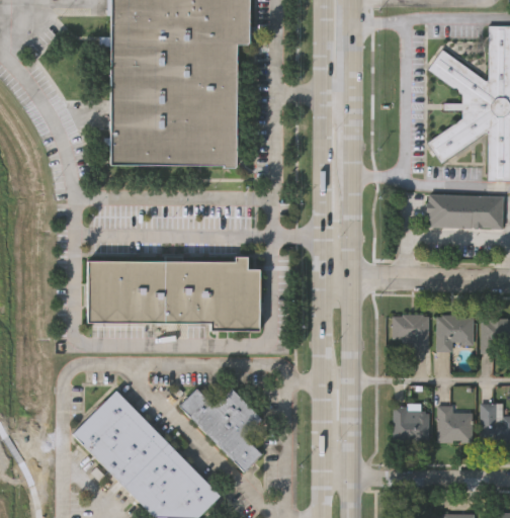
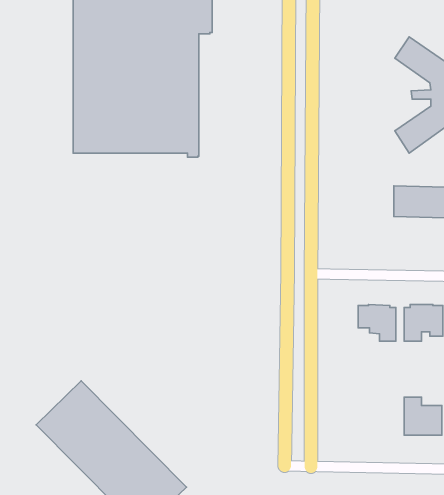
building: [84,255,258,332] -> none
building: [181,387,263,470] -> none
building: [392,405,429,443] -> none

